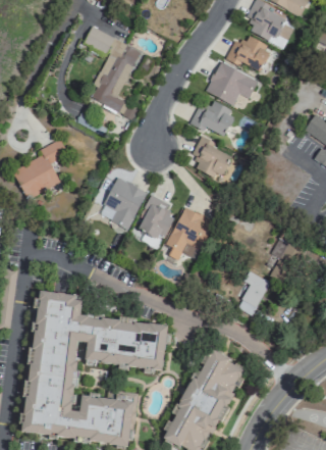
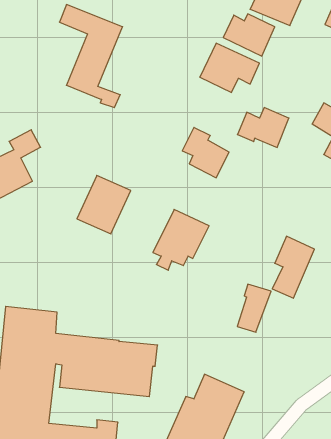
building: [191,101,235,136] -> [237,108,289,147]
building: [140,194,174,240] -> none

